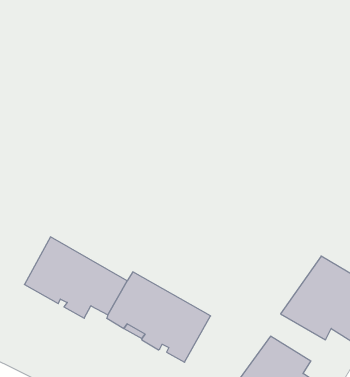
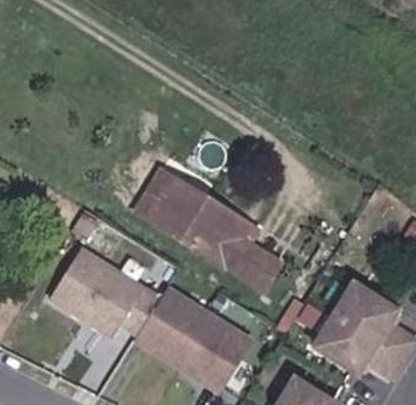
building: none -> [136,181,268,294]

